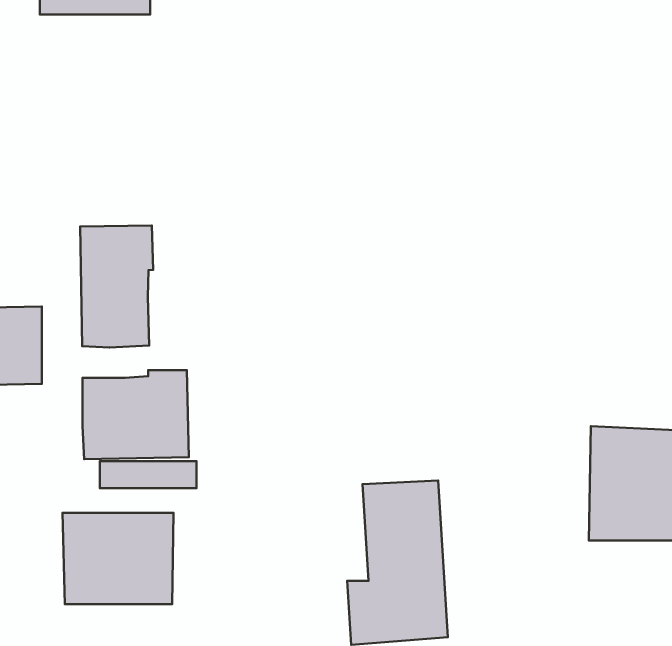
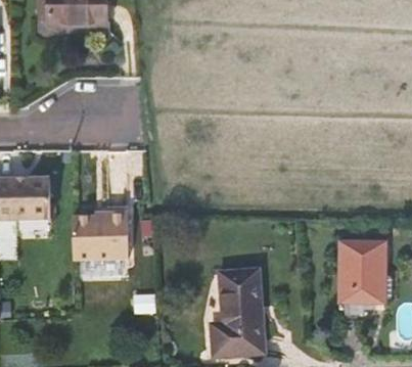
building: [80,225,153,347] -> none
building: [62,513,173,604] -> none

